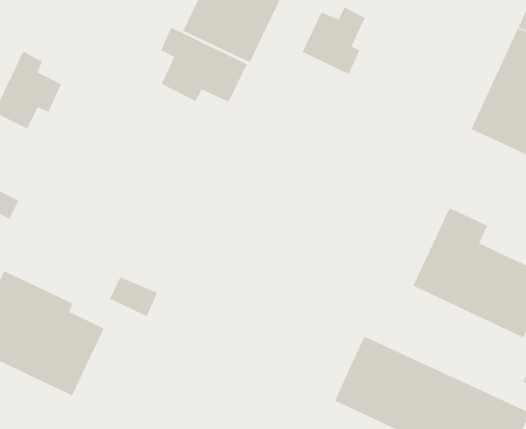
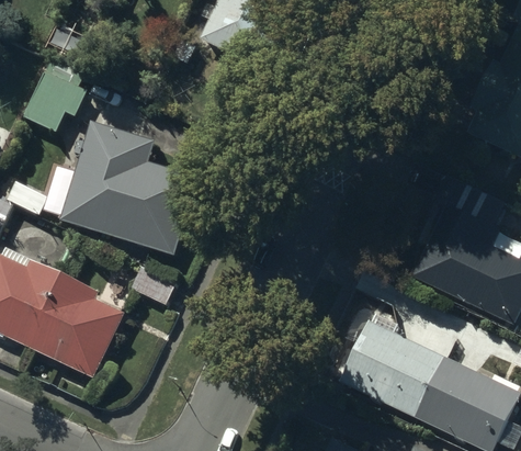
building: [302,6,366,75] -> none
building: [161,27,247,103] -> none
building: none -> [59,122,201,255]

